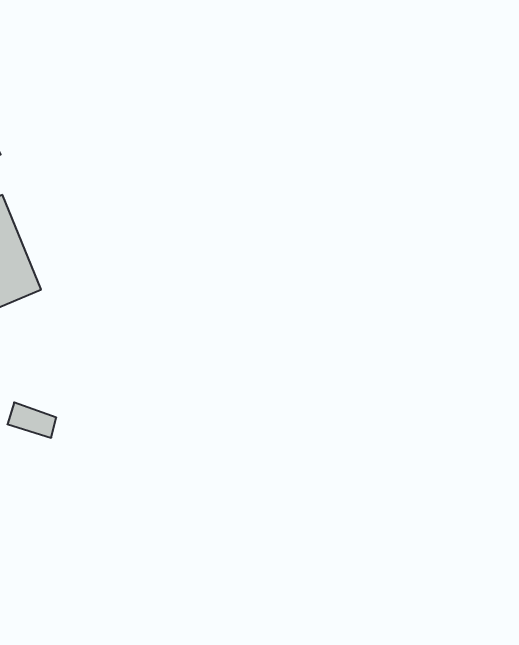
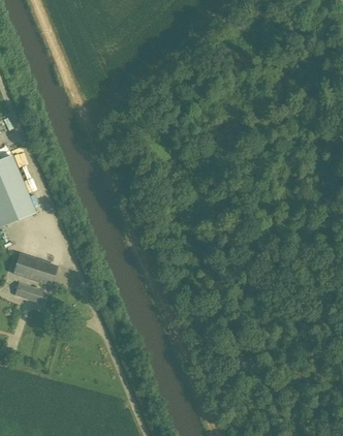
building: none -> [14,254,58,286]

